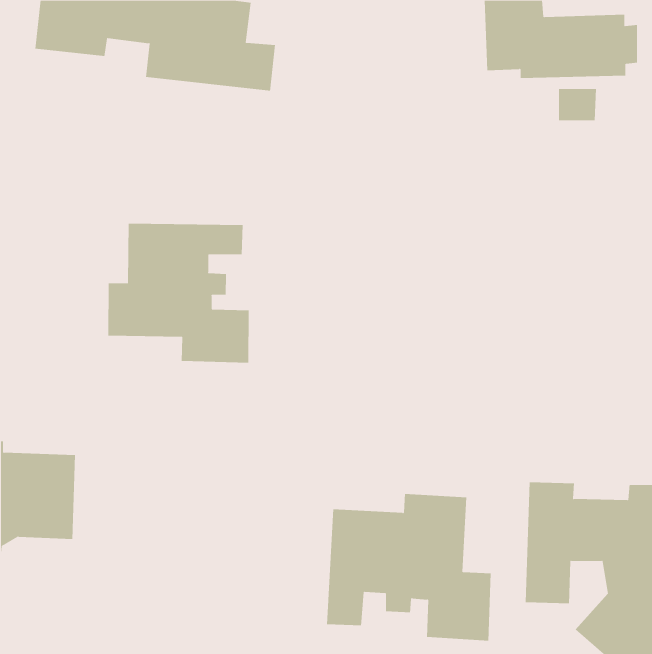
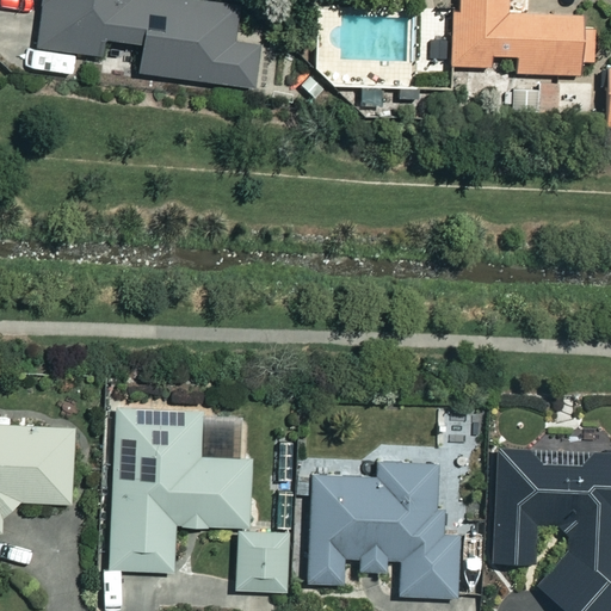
building: [108,223,249,363] -> none
building: none -> [110,408,249,570]
building: none -> [235,531,289,592]

